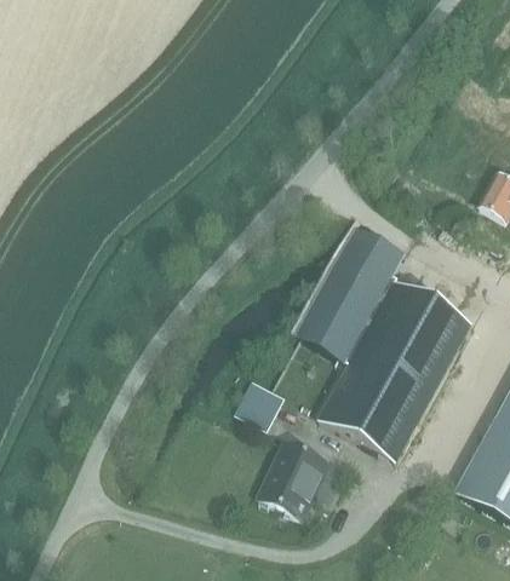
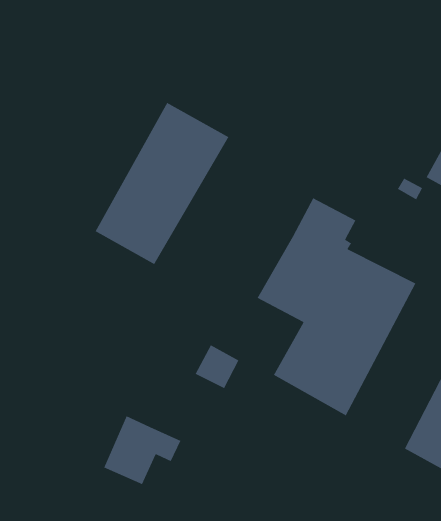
building: none -> [95,102,230,265]
building: [262,439,344,513] -> [103,415,181,485]

